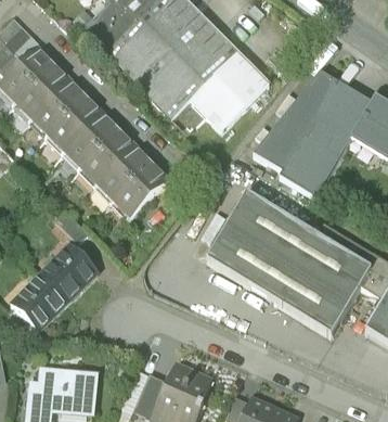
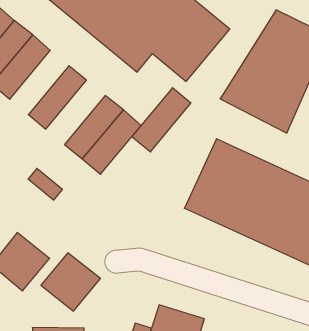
building: [42,89,105,152] -> none
building: [76,123,139,186] -> [132,88,191,152]
building: [37,240,98,299] -> [41,253,100,311]

